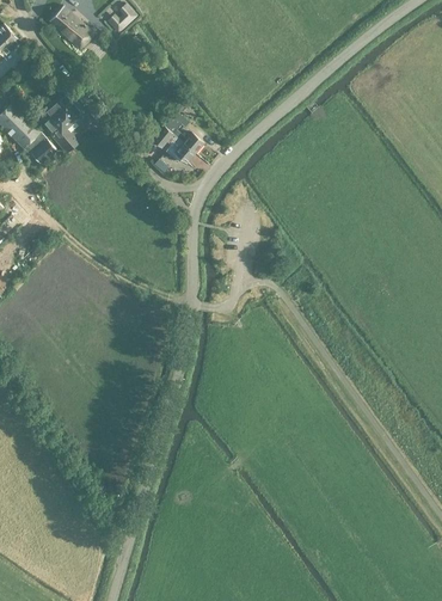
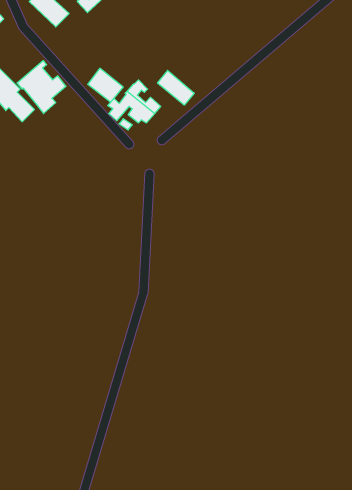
building: none -> [88,68,123,102]
building: none -> [158,70,194,105]

